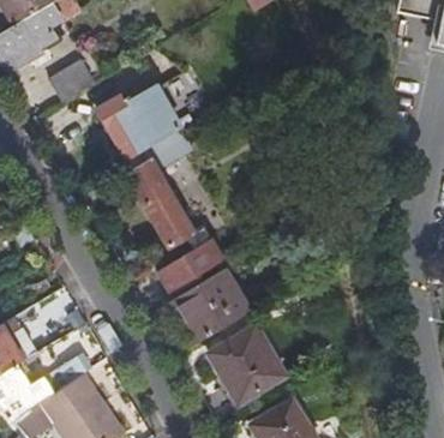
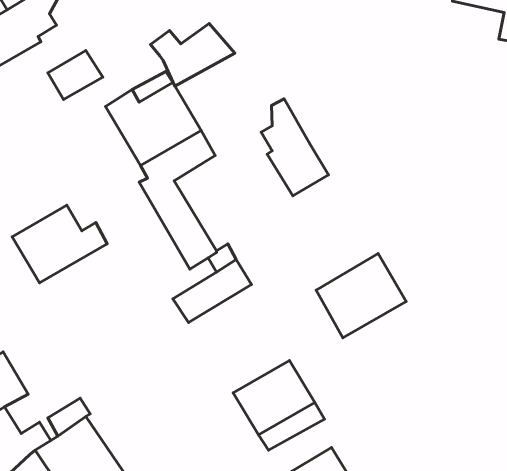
building: none -> [150,23,235,86]
building: none -> [261,99,328,196]
building: none -> [12,205,107,283]
building: [173,270,250,342] -> [316,254,406,338]

